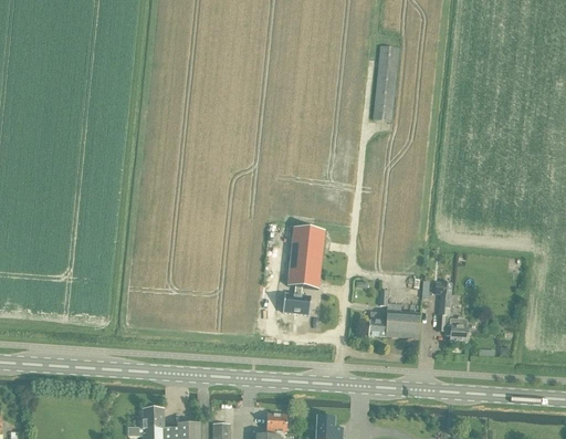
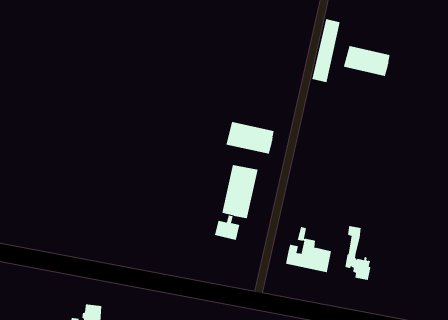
building: none -> [343,45,390,77]
building: none -> [226,121,274,155]

